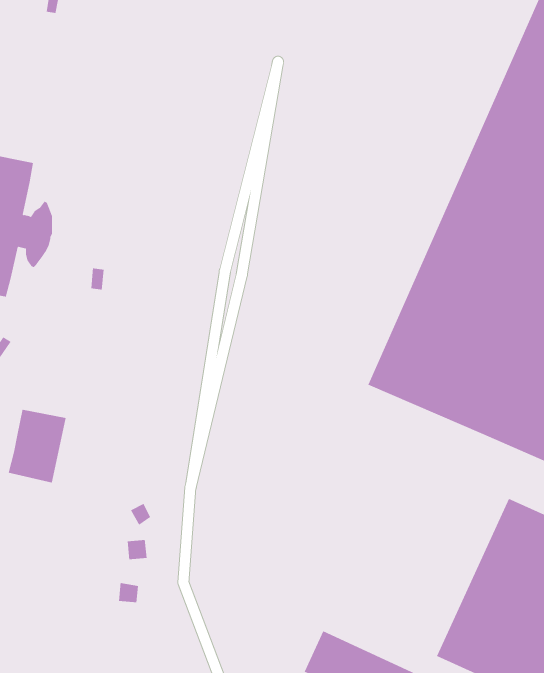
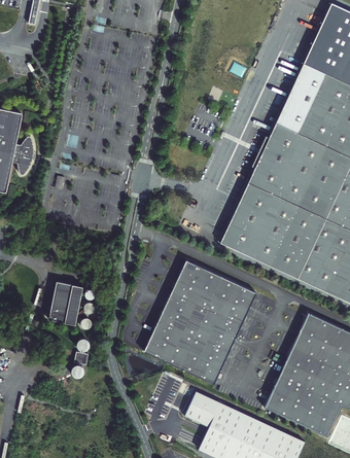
building: none -> [143,259,255,385]
building: [8,409,66,483] -> [48,281,83,325]

